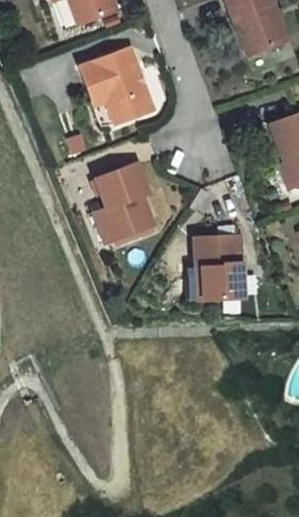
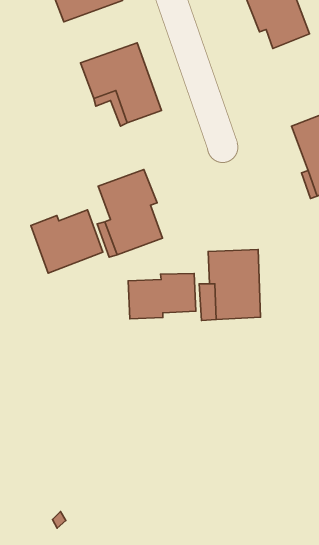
building: none -> [31,210,103,273]
building: none -> [128,273,196,319]

